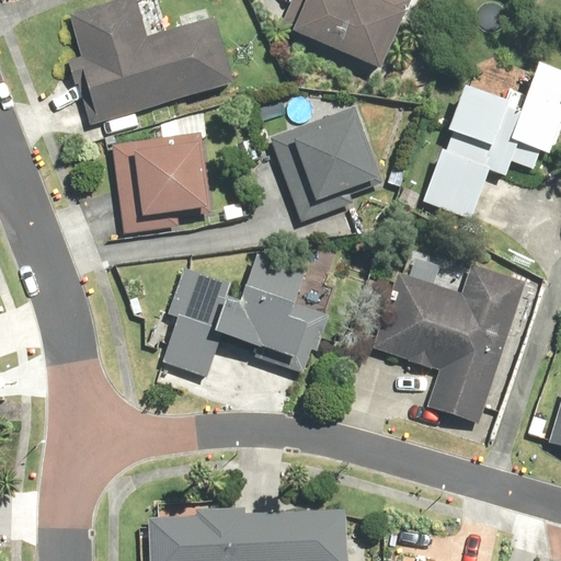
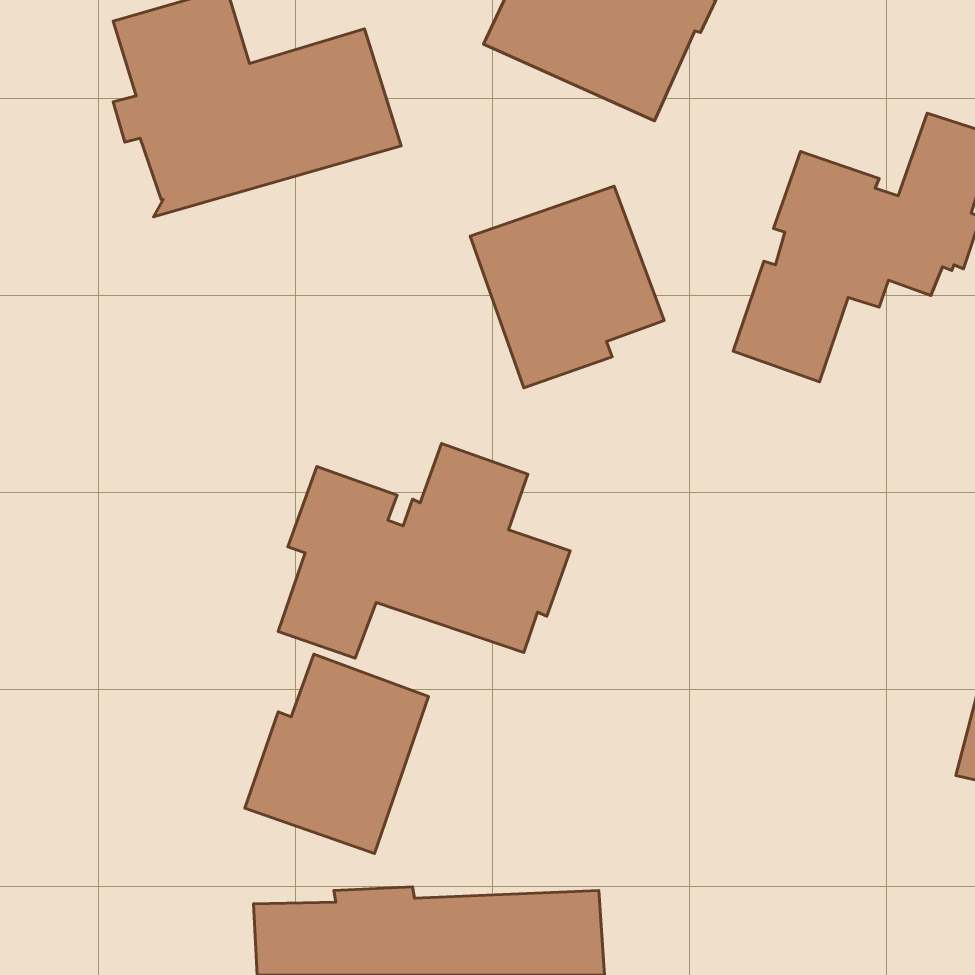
building: [112,131,211,233] -> none
building: [371,264,527,424] -> none
building: none -> [245,654,429,854]

